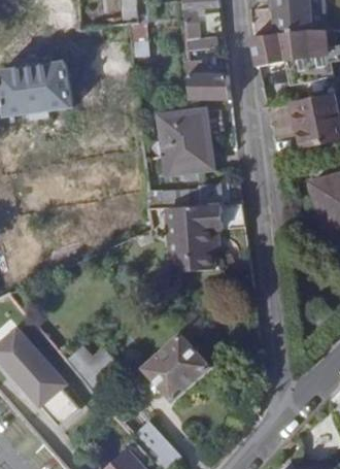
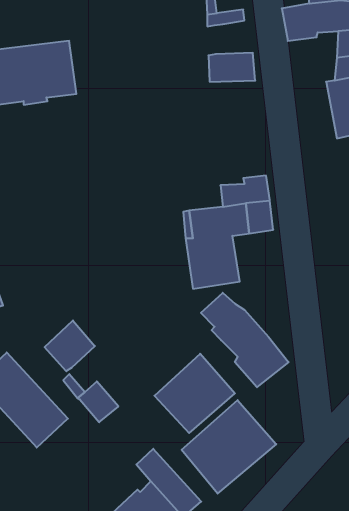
building: [157,109,212,173] -> none
building: none -> [201,293,289,387]
building: none -> [45,320,95,371]
building: none -> [182,400,276,494]

